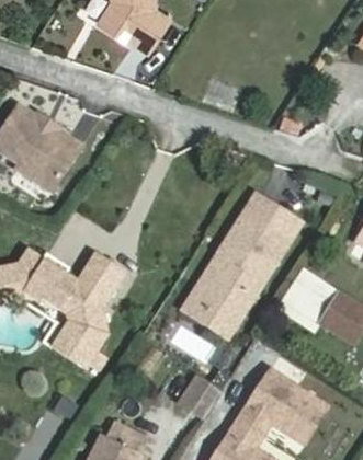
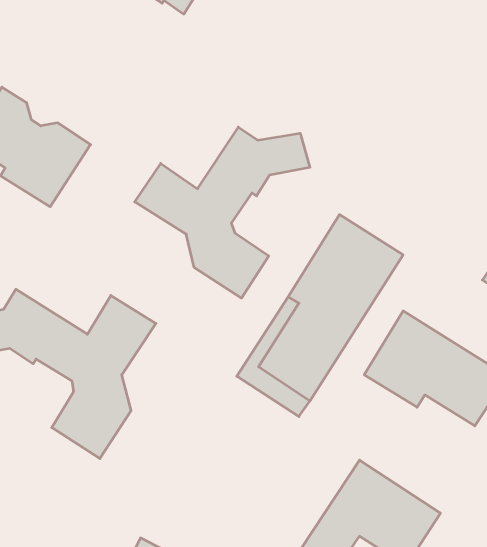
building: none -> [135,127,310,298]
building: [180,376,222,418] -> none

